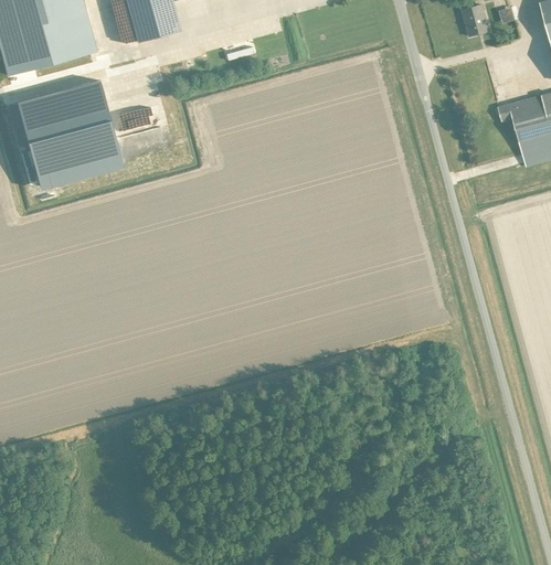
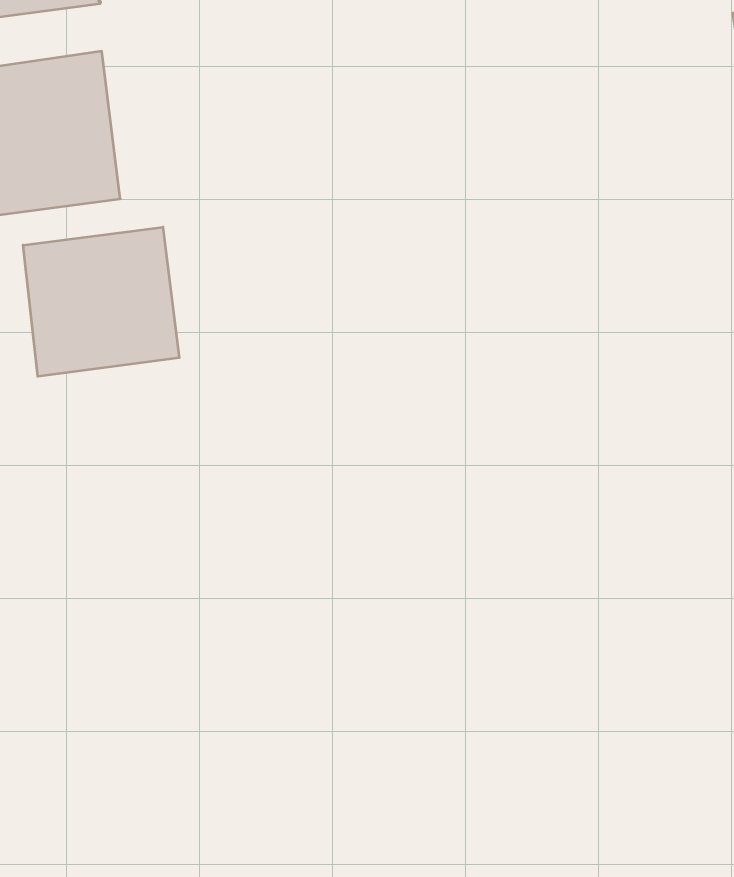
building: none -> [23,227,179,376]

